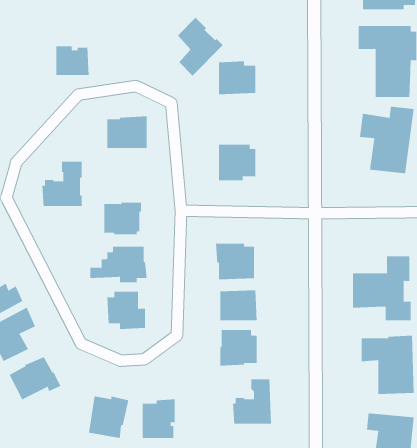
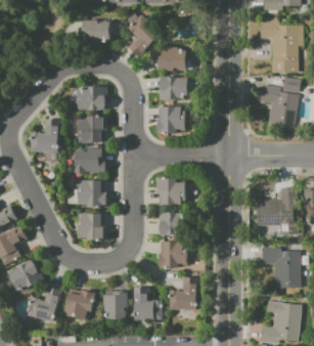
building: [56,46,89,75] -> [86,19,110,41]
building: none -> [160,77,189,98]
building: none -> [78,116,107,142]
building: none -> [28,287,61,320]
building: none -> [133,287,162,319]

